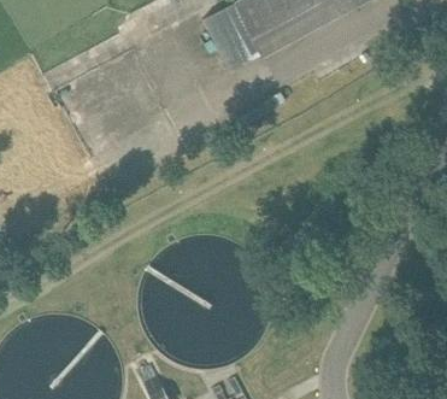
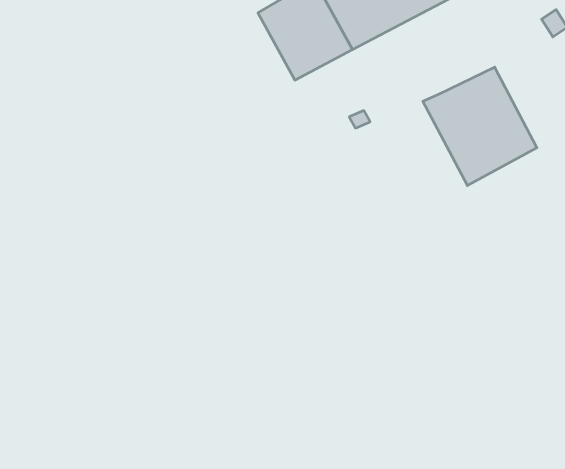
building: none -> [423,67,537,186]

